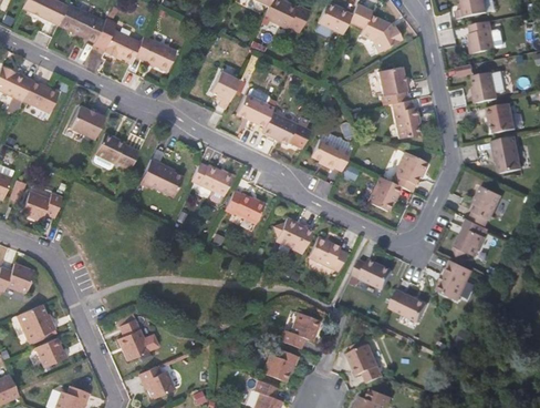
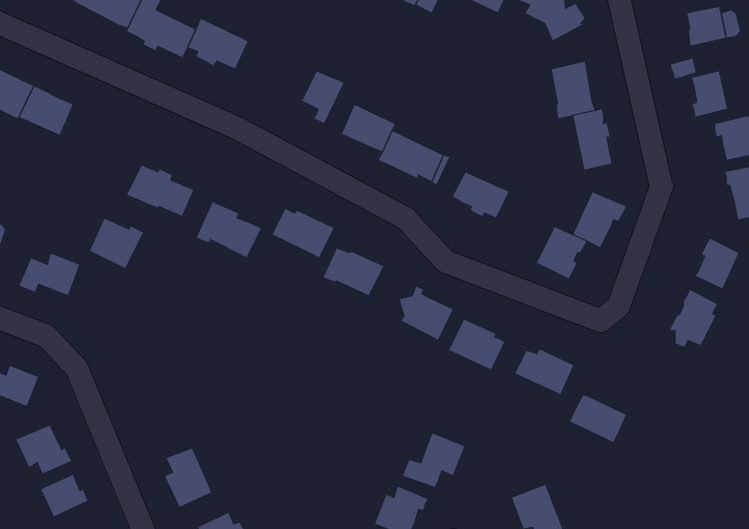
building: [69,104,105,139] -> [89,218,144,269]
building: [438,257,474,298] -> none

